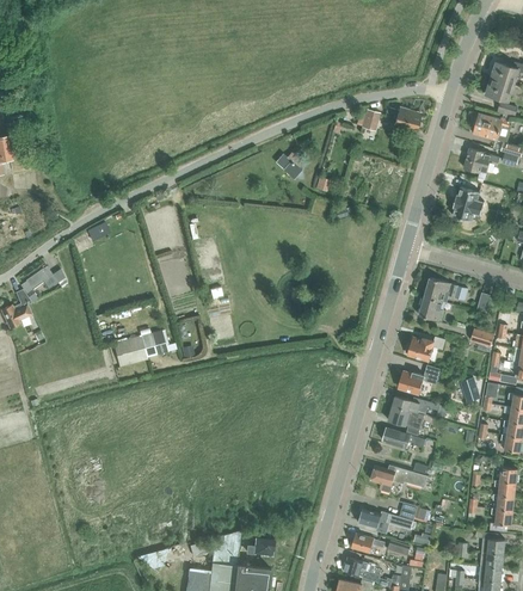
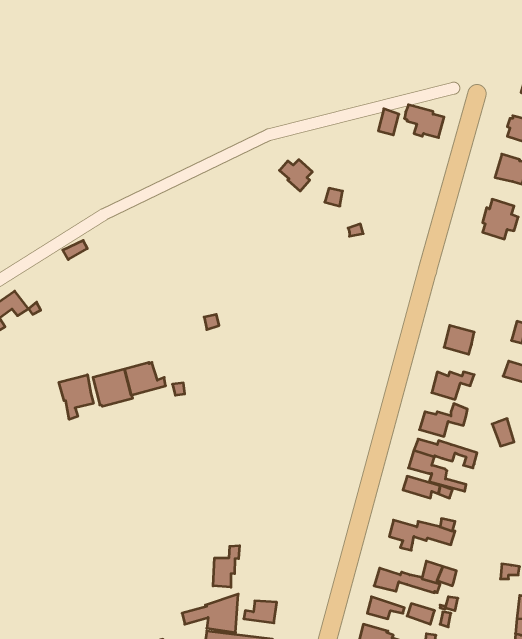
building: [423,277,464,302] -> none
building: none -> [59,375,93,419]
building: none -> [213,546,240,587]

